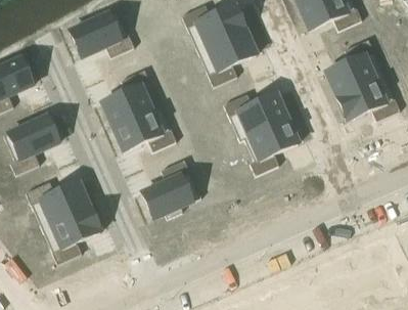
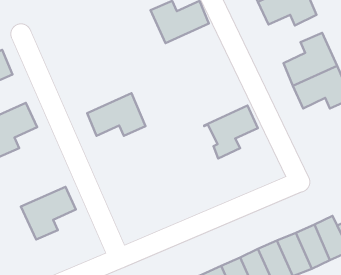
building: [71,8,135,56] -> none
building: [198,29,257,86] -> none
building: [102,69,162,126] -> none
building: [224,93,287,139] -> none
building: [142,159,201,218] -> none
building: [27,181,90,227] -> none

